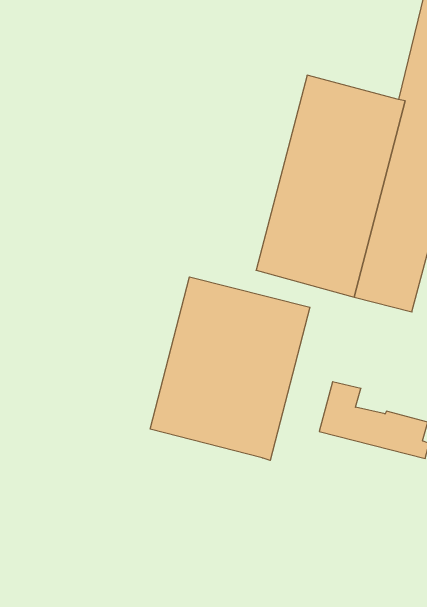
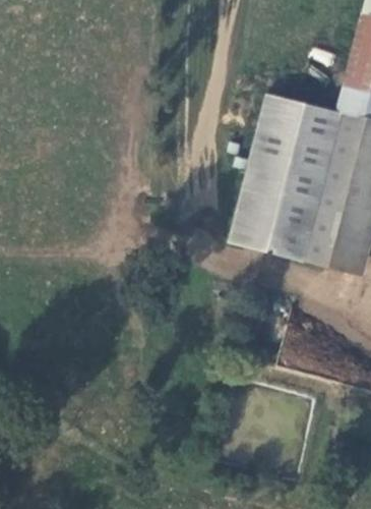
building: [150,277,310,460] -> none

